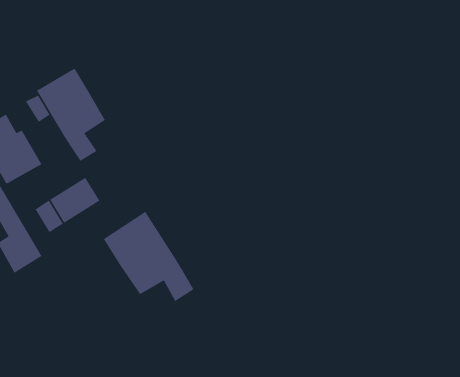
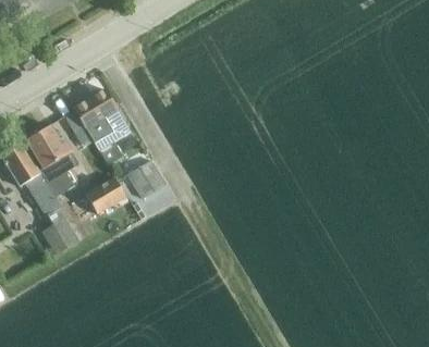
building: none -> [127,158,166,196]
building: [103,211,195,302] -> none

